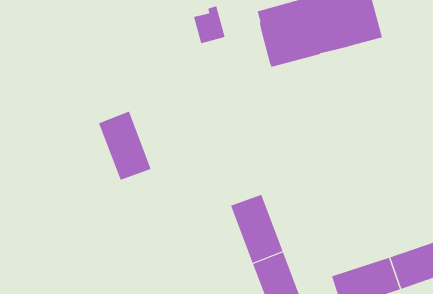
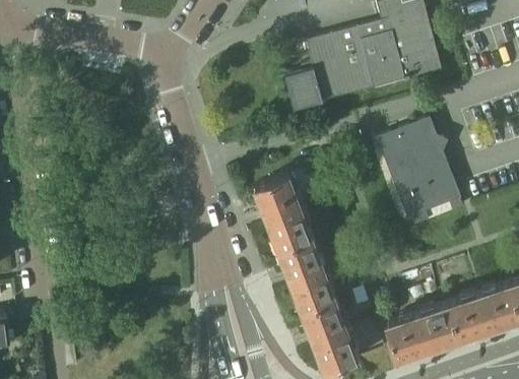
building: [193,6,226,49] -> [284,63,319,109]
building: none -> [376,118,459,224]
building: [98,111,152,181] -> [254,174,311,248]

